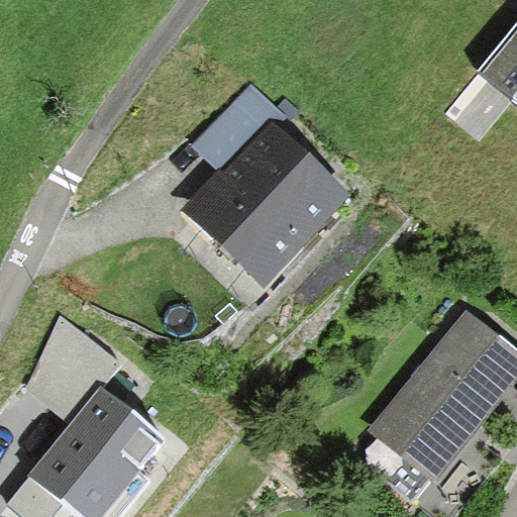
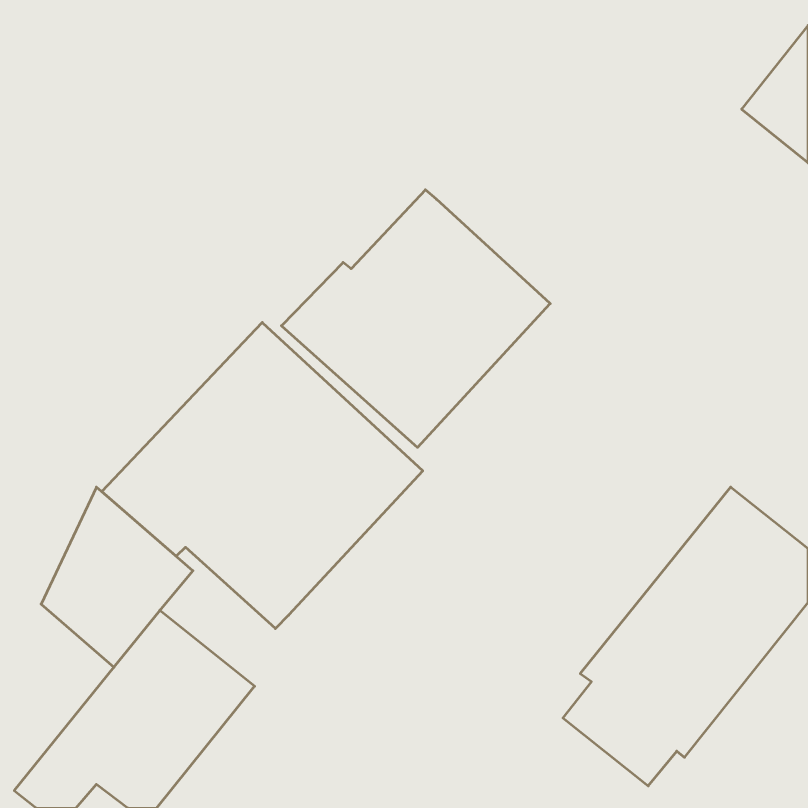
building: [194,82,289,172] -> none
building: none -> [102,322,423,629]

